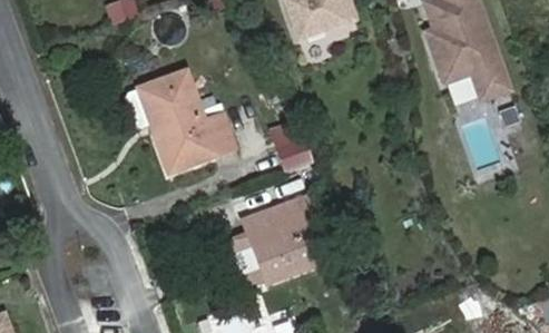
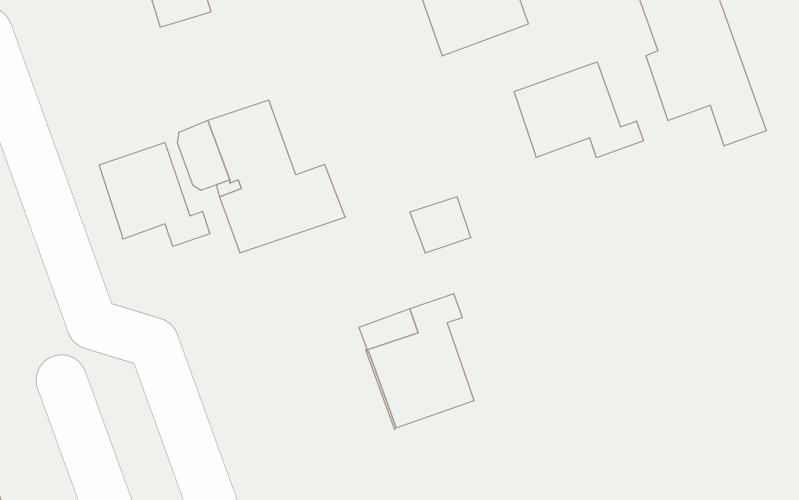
building: none -> [514,62,643,158]
building: none -> [99,143,210,246]

